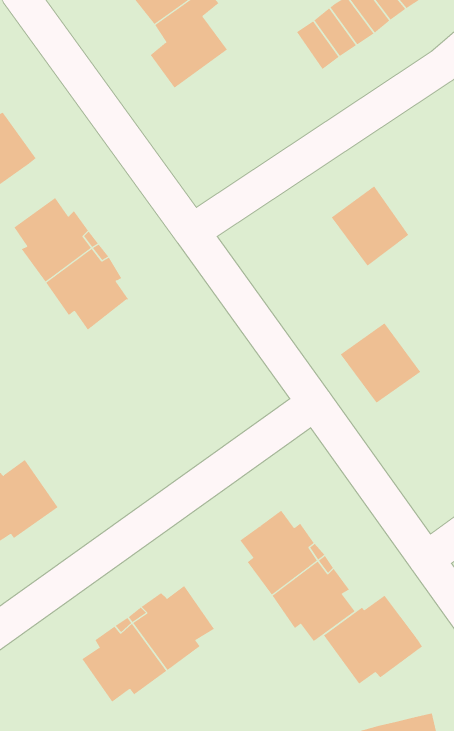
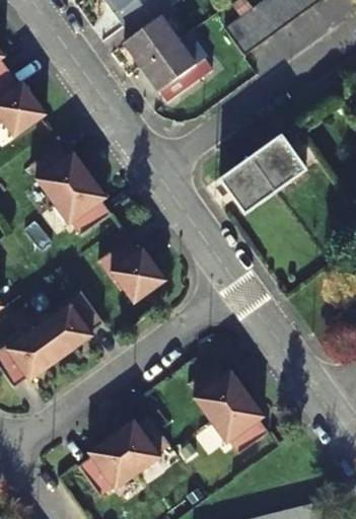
building: none -> [142,29,214,100]
building: [340,323,421,404] -> [220,155,277,212]
building: none -> [100,236,165,301]
building: none -> [38,290,103,358]
building: [323,595,423,684] -> none

